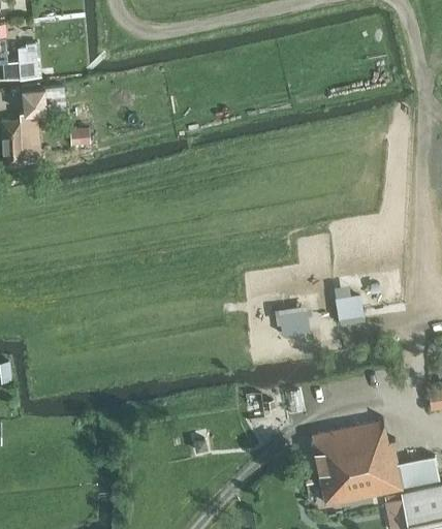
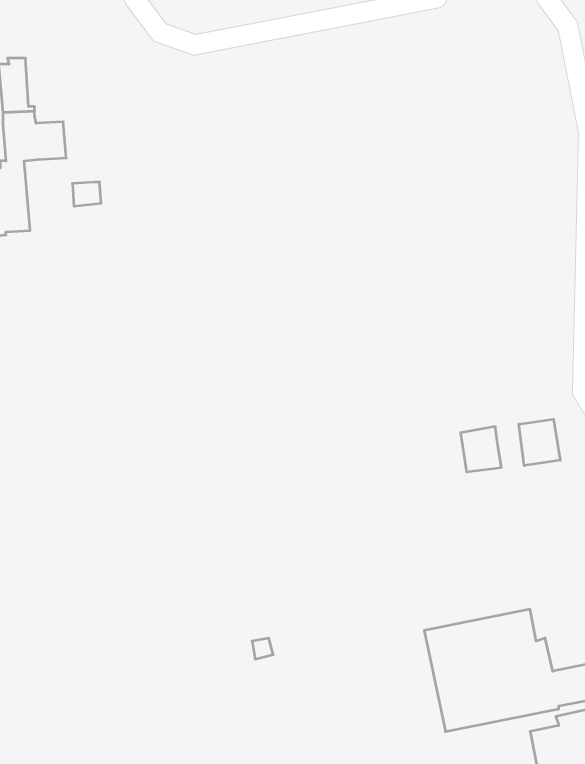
building: none -> [519,419,560,466]
building: [277,307,308,337] -> none

